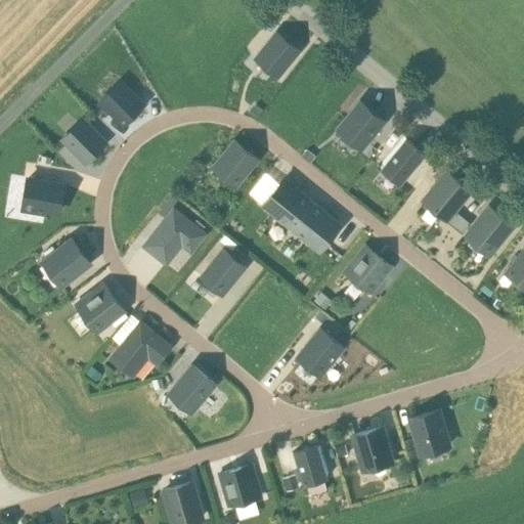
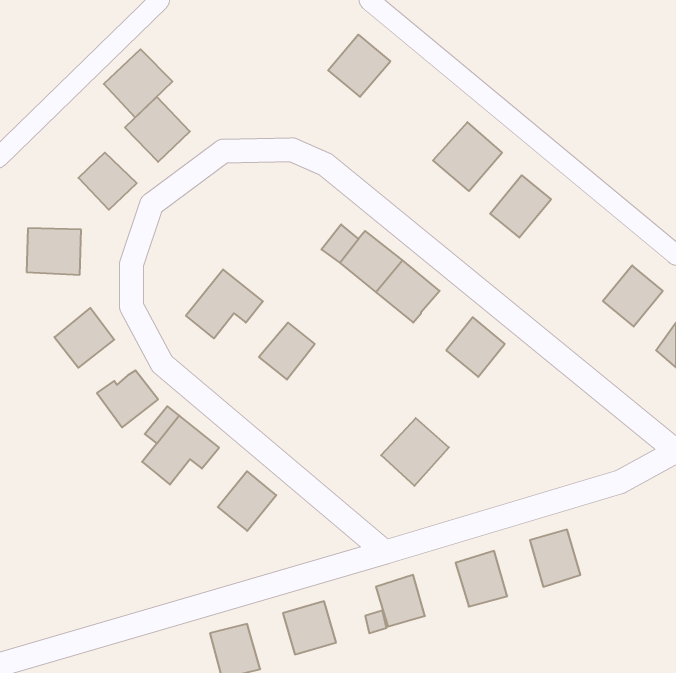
building: none -> [104,49,172,117]
building: [212,143,256,188] -> none
building: [422,174,468,221] -> none

